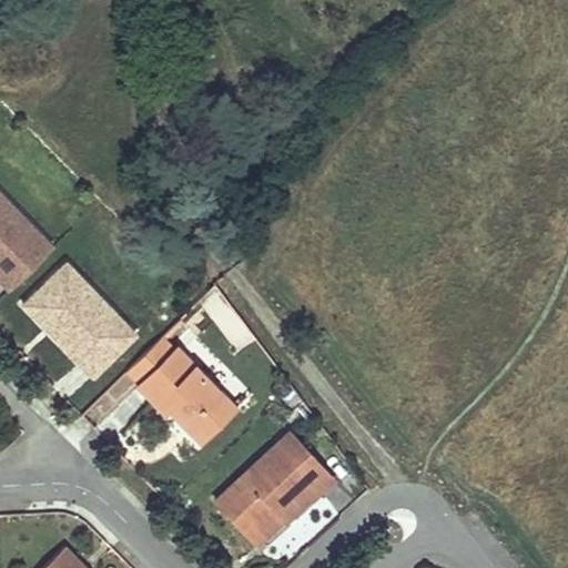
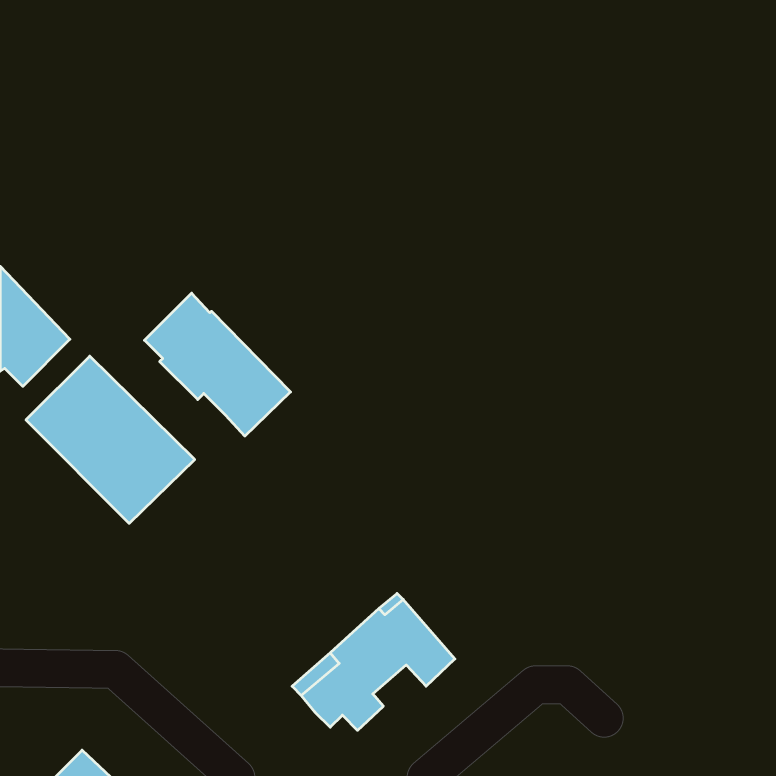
building: [128,336,234,440] -> [144,293,291,436]
building: [242,486,312,547] -> none

